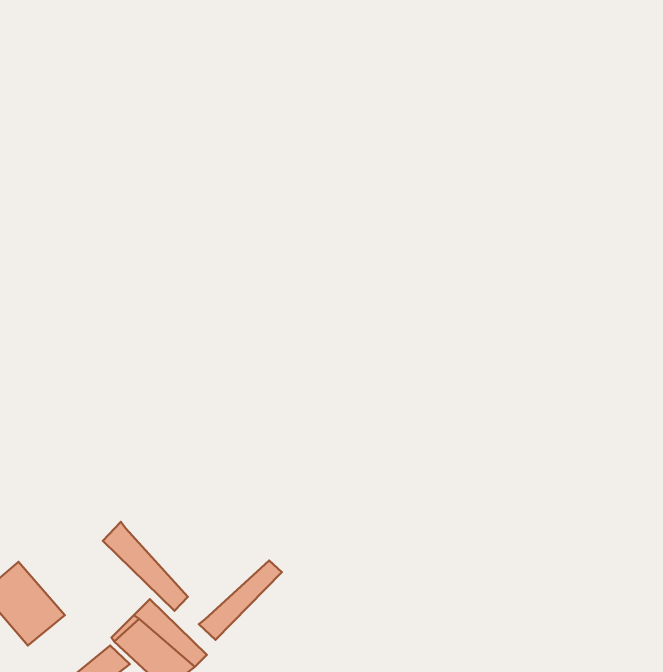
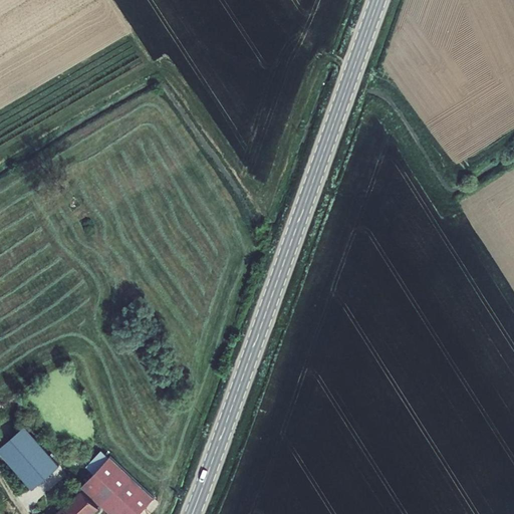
building: [103,522,188,611] -> none
building: [199,560,282,640] -> none

